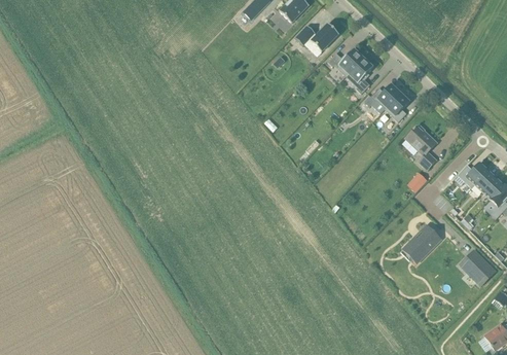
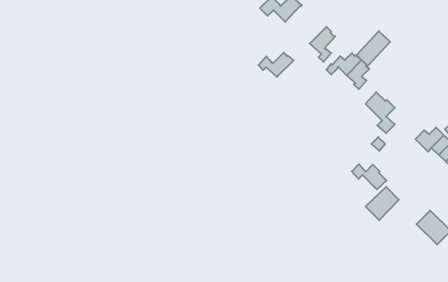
building: [328,48,365,74] -> [258,53,294,77]
building: none -> [356,31,390,66]
building: none -> [352,164,387,189]

